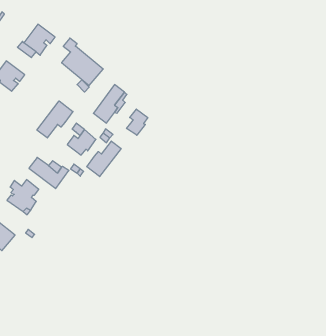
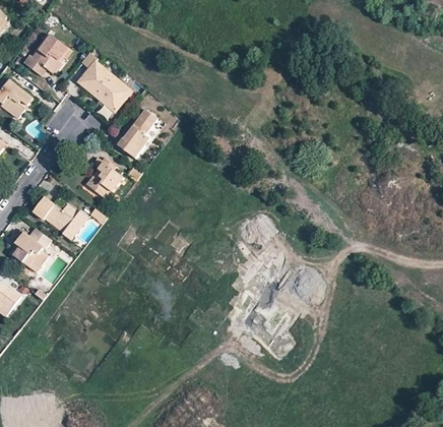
building: [37,101,73,138] -> none
building: [127,109,148,135] -> none
building: [87,141,121,177] -> none

